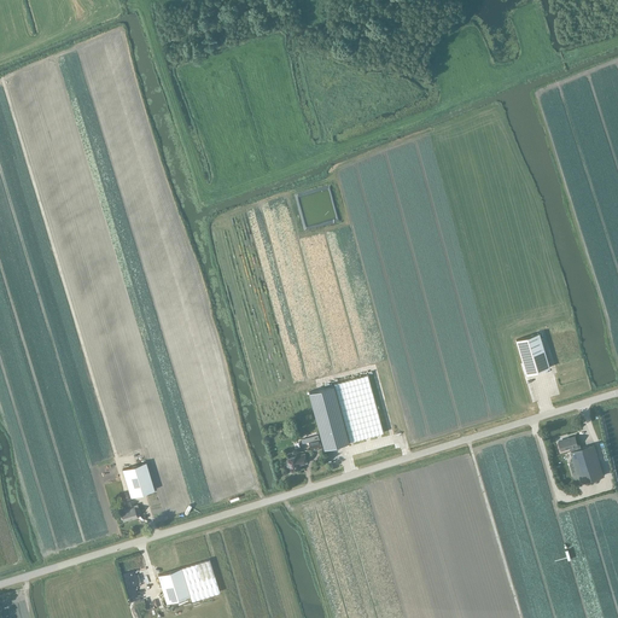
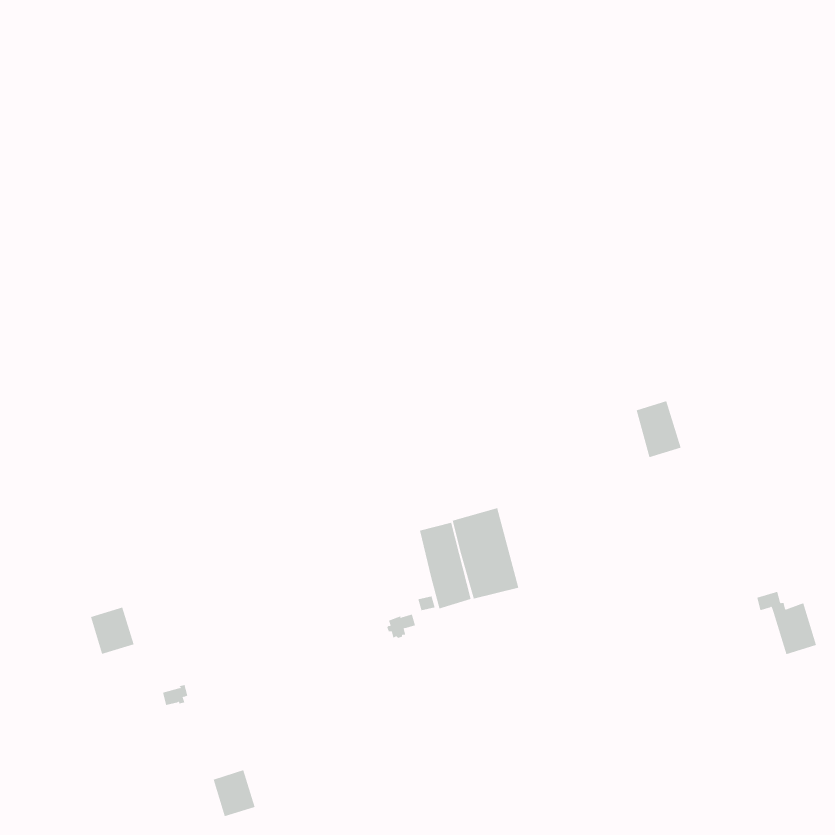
building: [515,333,549,375] -> [636,400,682,458]
building: [121,464,153,499] -> [90,607,134,654]
building: [180,560,218,602] -> none

